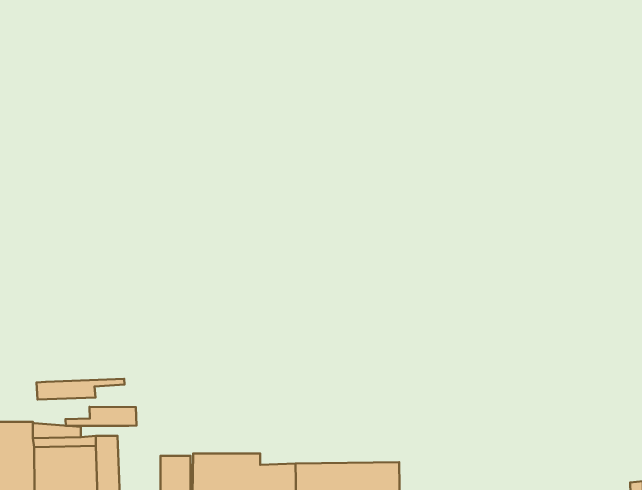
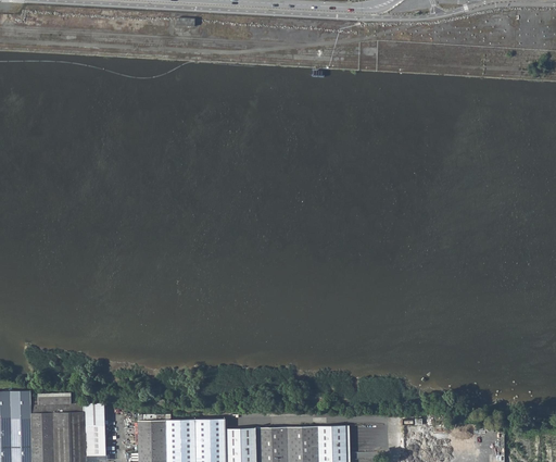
building: [36,379,124,399] -> none
building: [66,407,136,426] -> none

